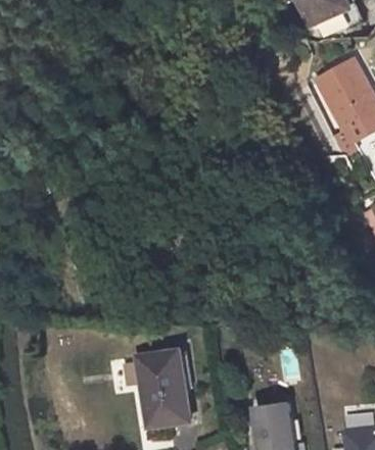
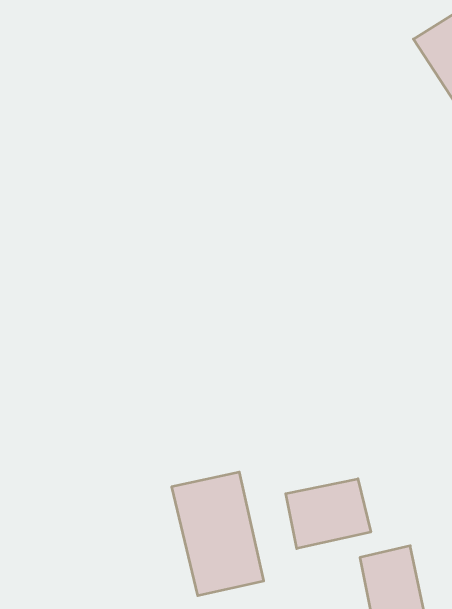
building: none -> [286,479,371,549]

